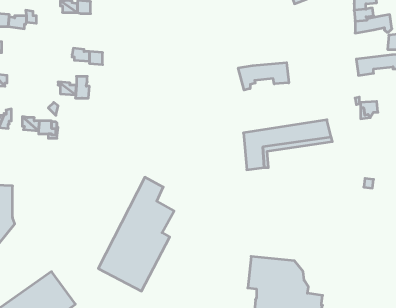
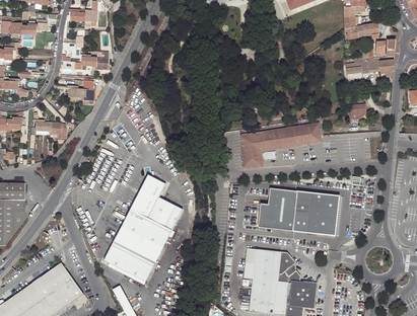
building: [238,63,289,90] -> none
building: none -> [257,188,339,237]

